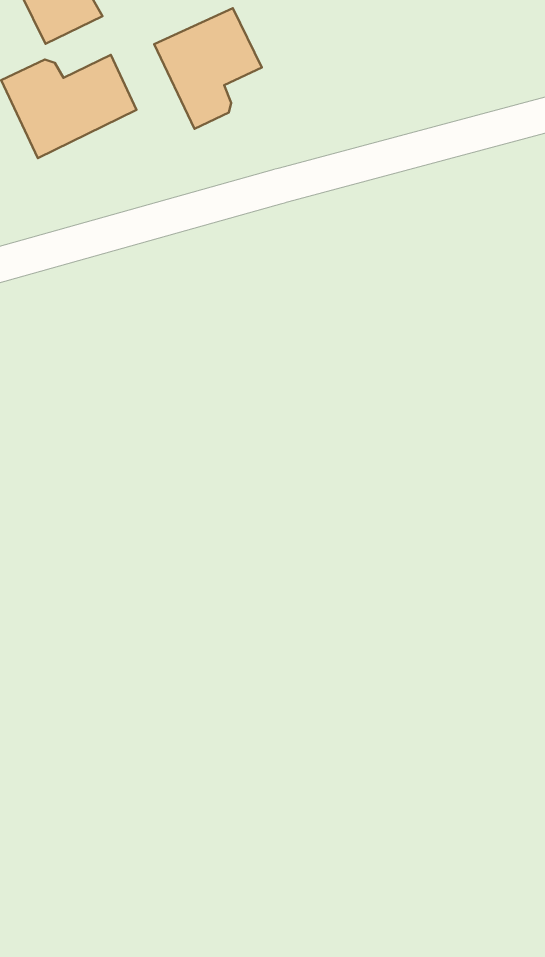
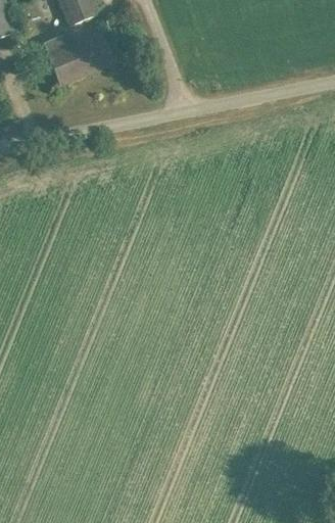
building: [154,8,262,129] -> none

